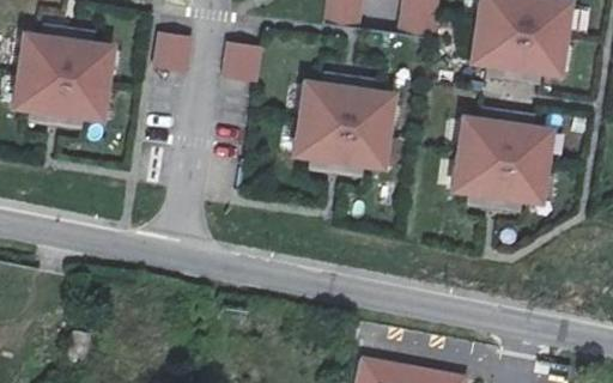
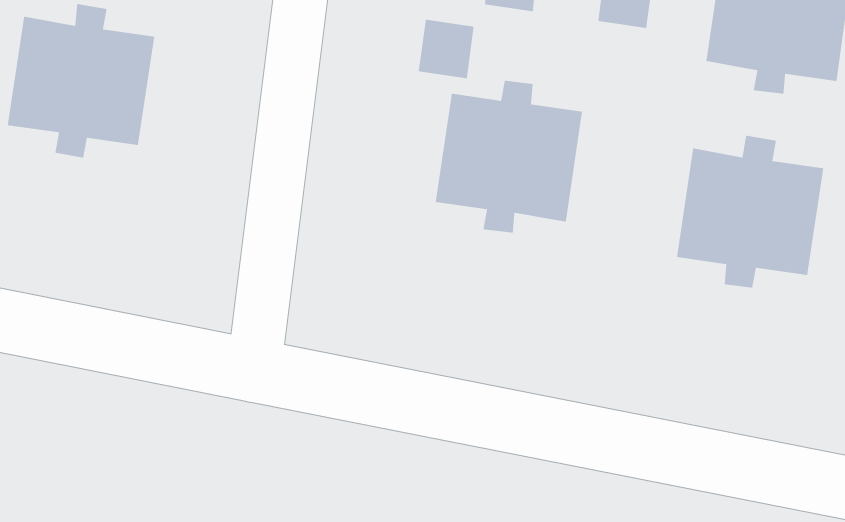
building: [156,28,193,67] -> none
building: [224,37,261,77] -> [418,19,475,79]

